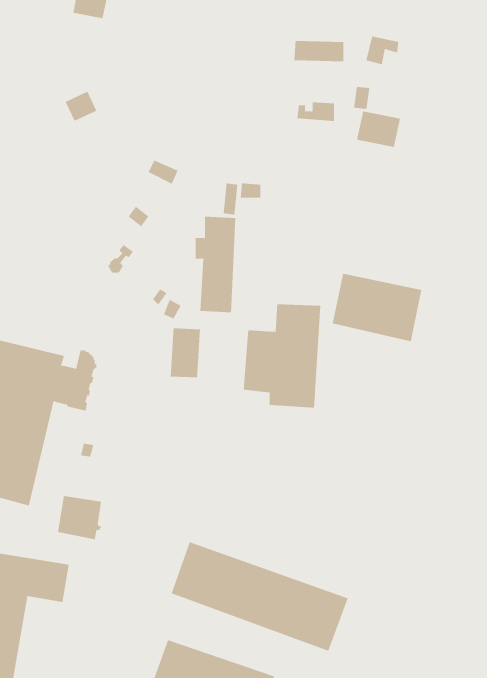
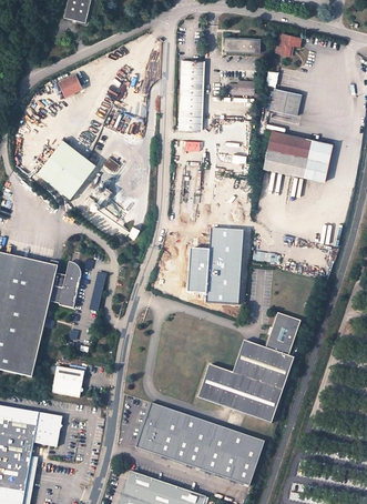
building: none -> [38,140,96,199]
building: [195,216,236,313] -> [175,60,205,130]
building: [332,273,422,342] -> [265,131,330,181]
building: [170,327,200,378] -> none
building: none -> [196,313,300,424]

